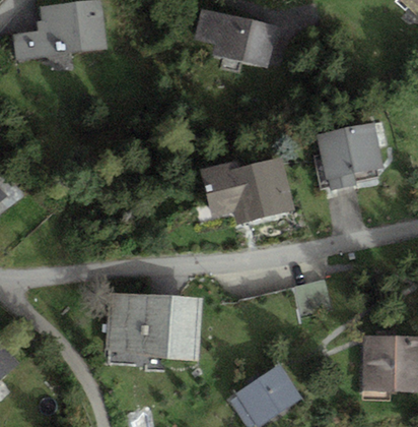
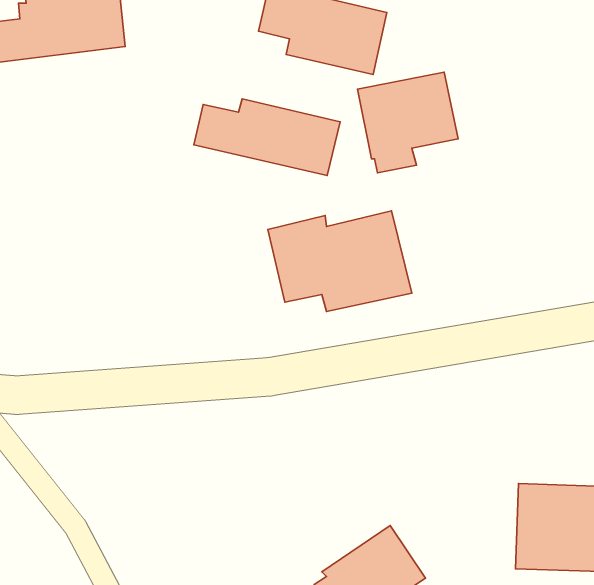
building: none -> [194,99,340,176]
building: [318,123,384,189] -> [358,72,458,173]
building: [107,292,202,362] -> none

